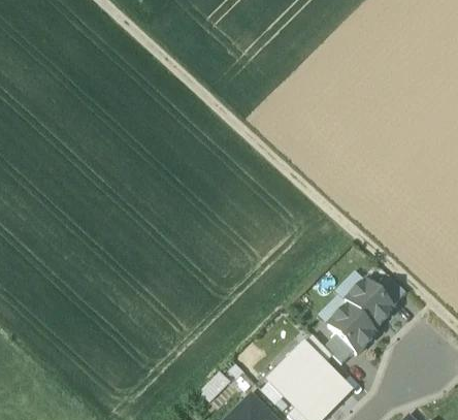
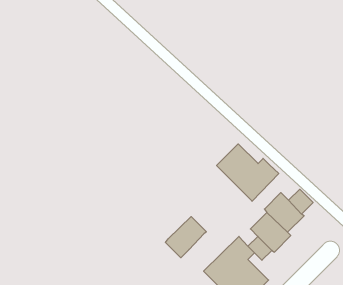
building: none -> [217,144,279,201]
building: none -> [165,217,206,258]

